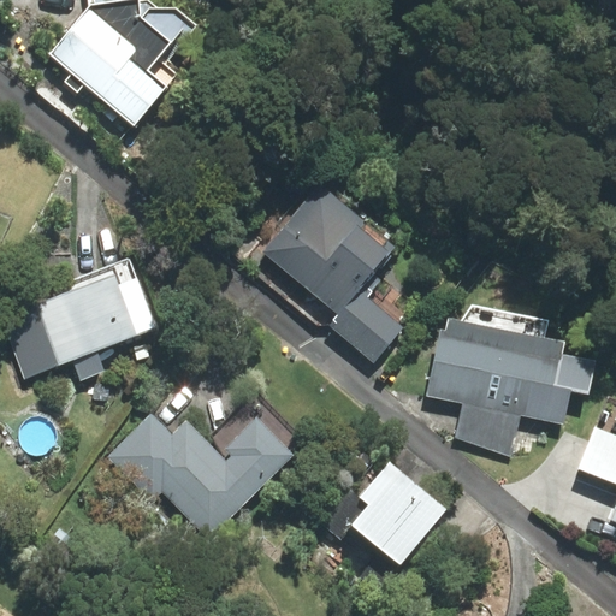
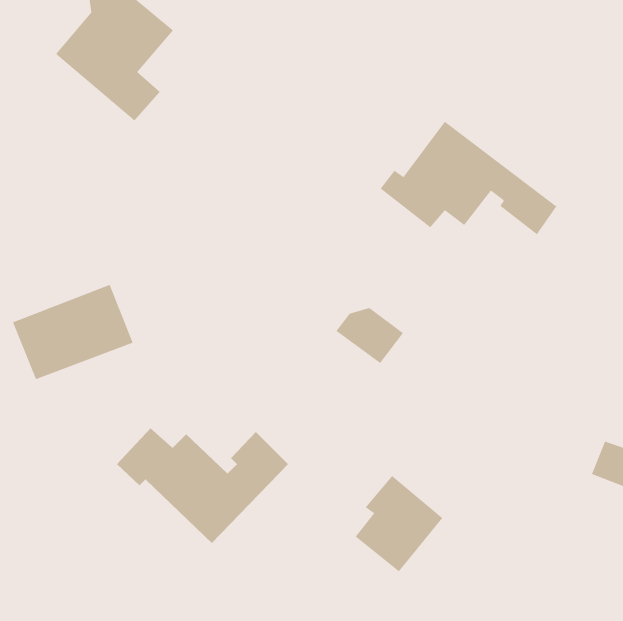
building: none -> [380,121,557,235]
building: [267,191,386,307] -> none
building: [436,326,556,445] -> none

